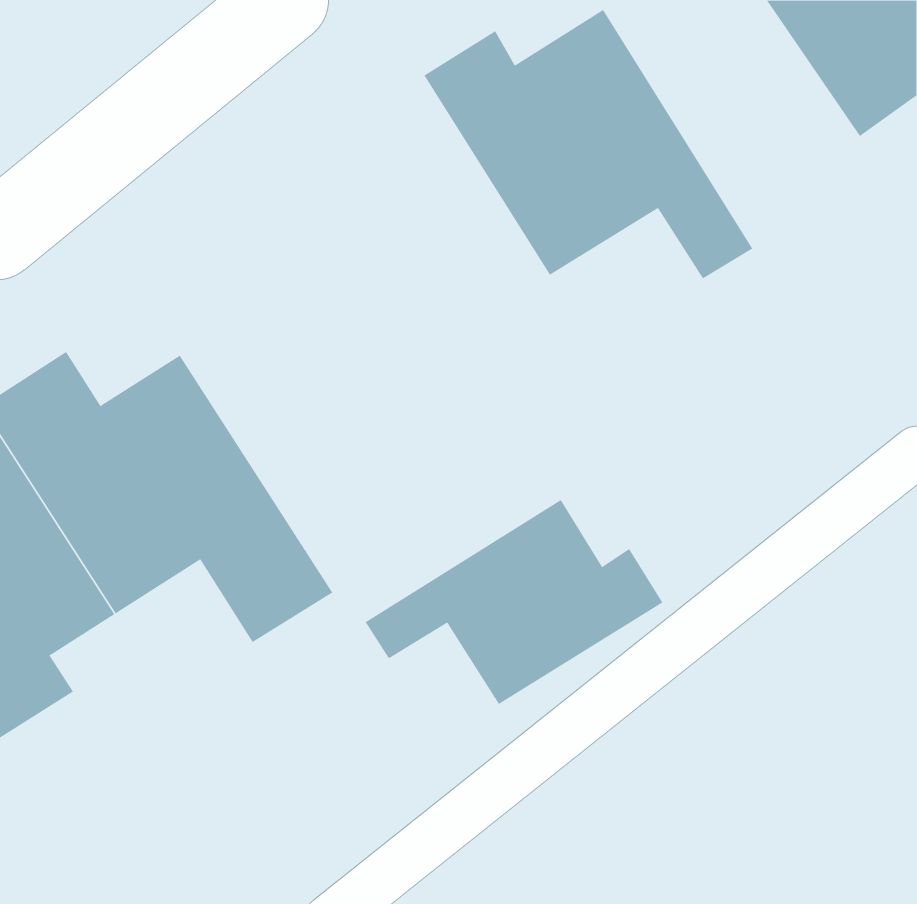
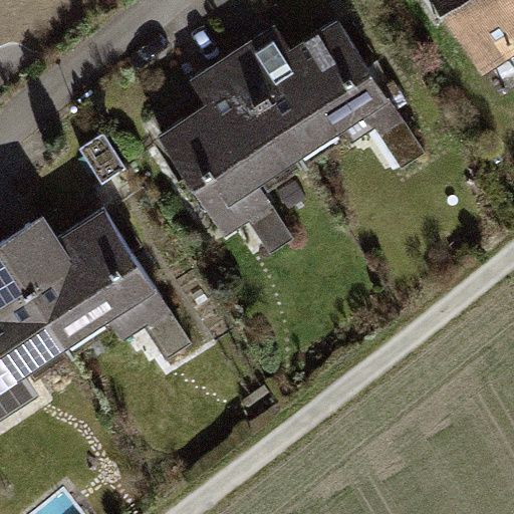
building: none -> [162,51,306,252]
building: [365,499,663,705] -> none

